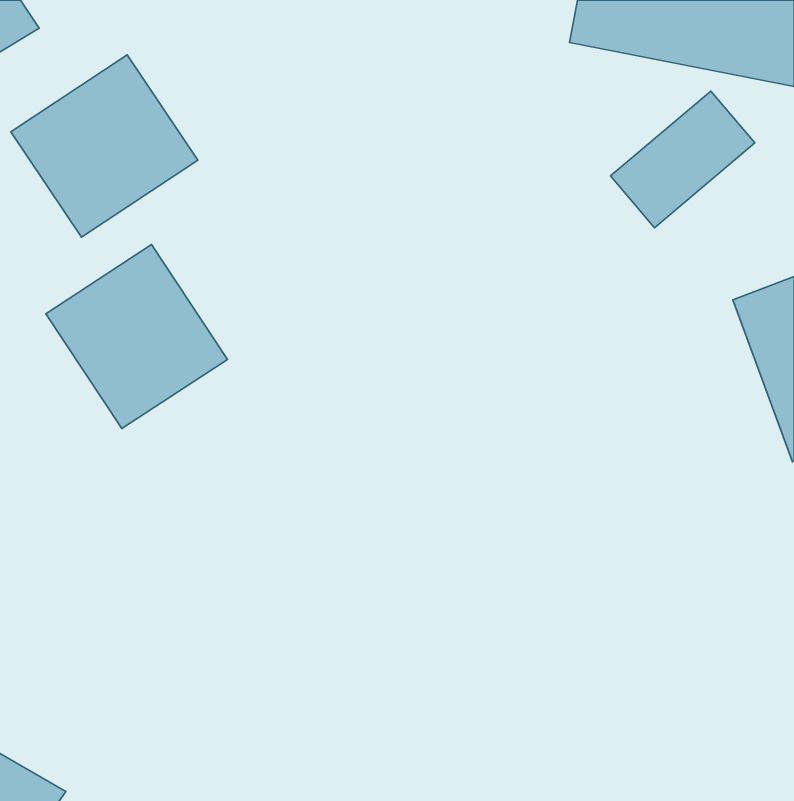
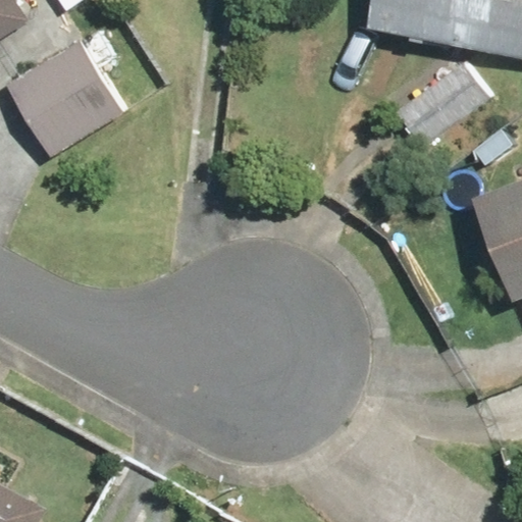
building: [46,245,228,429] -> none

